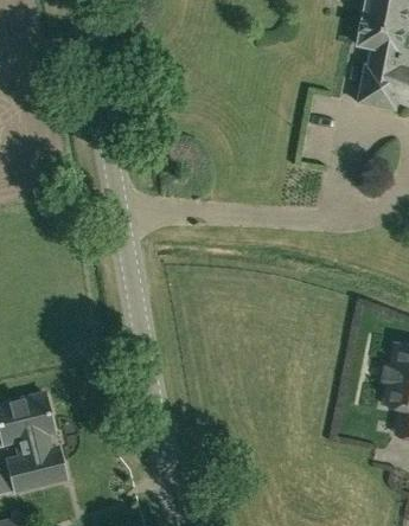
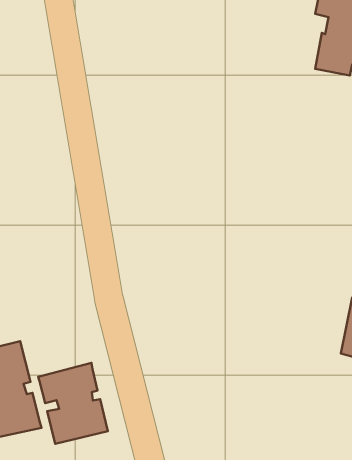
building: none -> [38,363,108,444]

